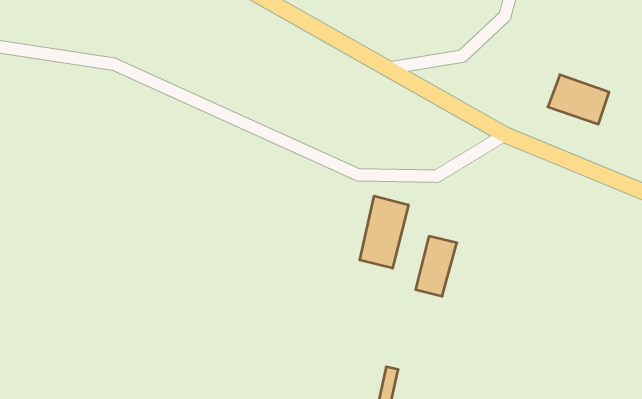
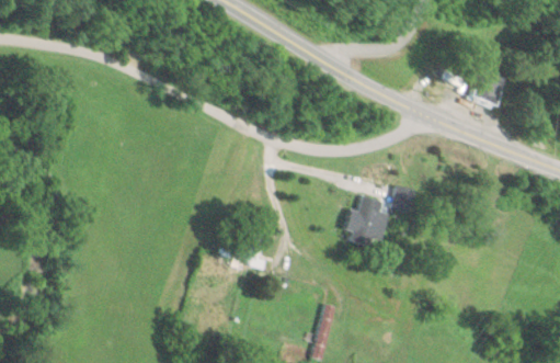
building: [360,196,408,268] -> none

